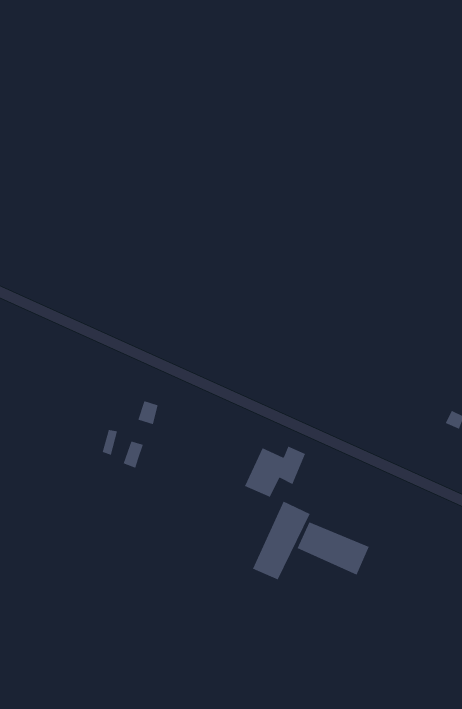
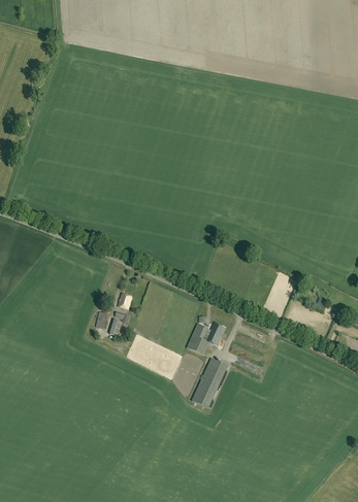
building: [297,522,370,576] -> none

